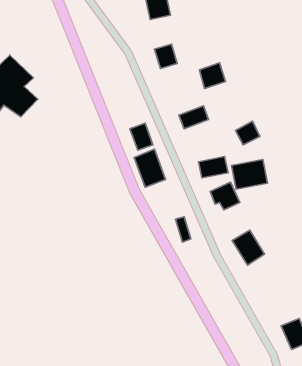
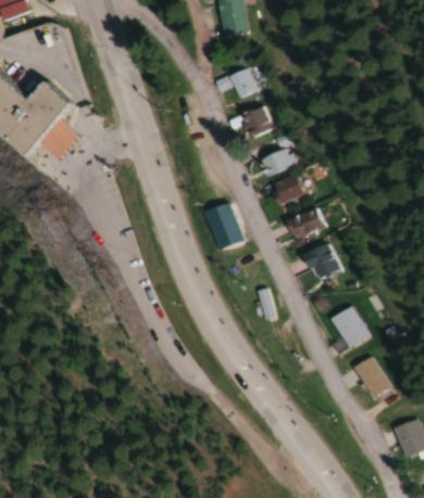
building: [199,63,226,88] -> [242,104,276,137]
building: [235,121,260,145] -> [273,174,304,204]
building: [130,123,153,150] -> none
building: [231,159,267,189] -> none
building: none -> [356,355,392,400]

